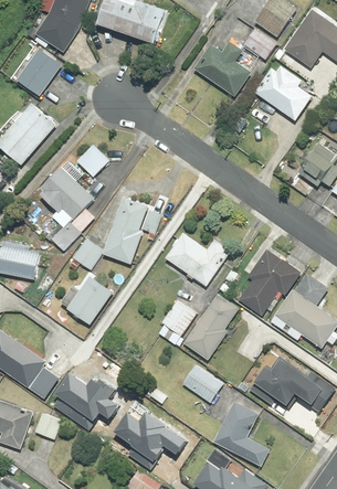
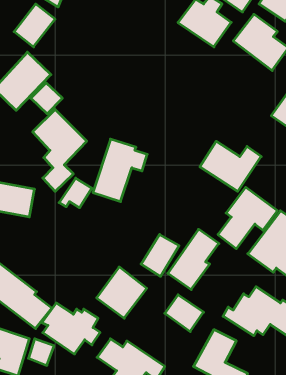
building: [75,145,109,178] -> [31,83,62,114]
building: [164,232,230,286] -> [200,141,261,191]
building: [59,270,113,326] -> [97,267,147,318]

